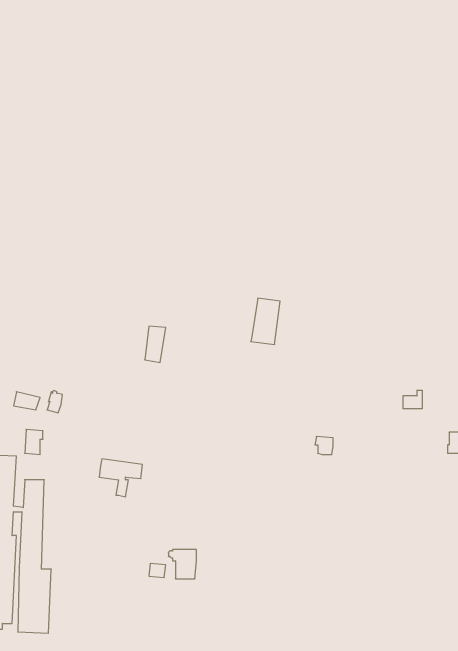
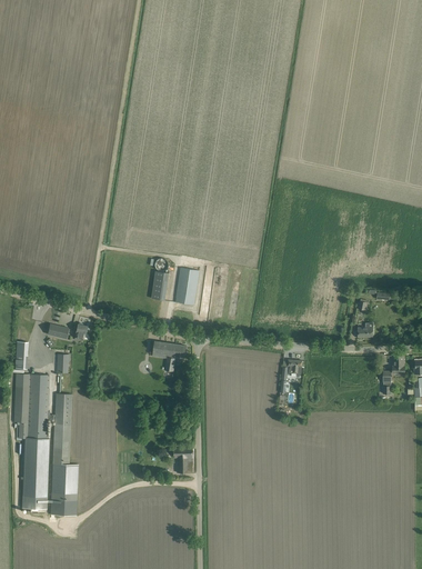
building: [251,298,280,344] -> [174,268,198,305]
building: [99,459,142,497] -> [151,341,185,371]

